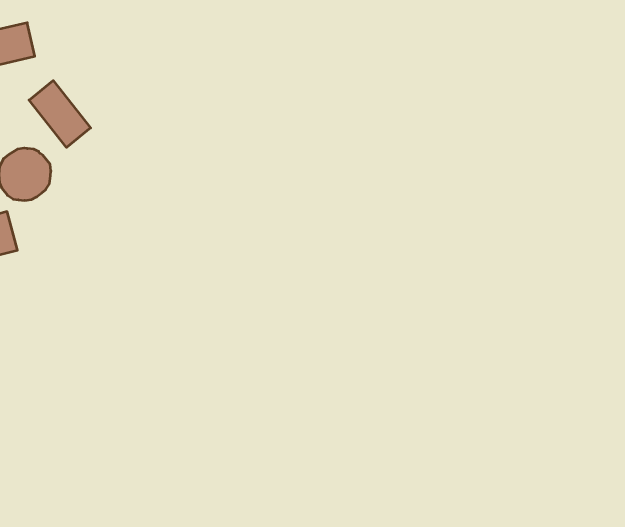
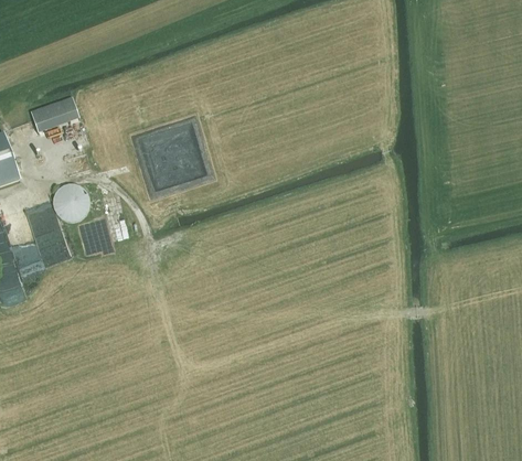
building: [29,81,91,147] -> none

